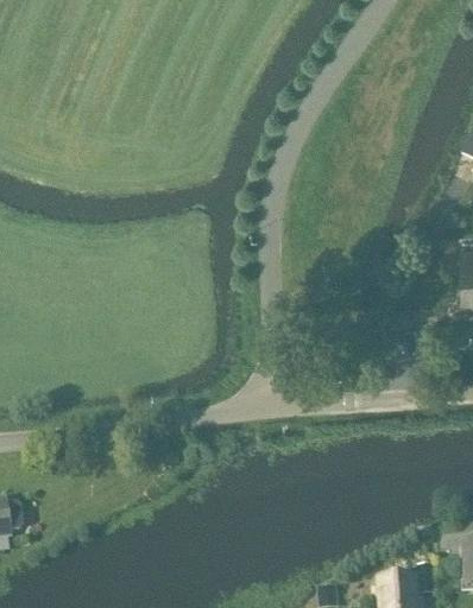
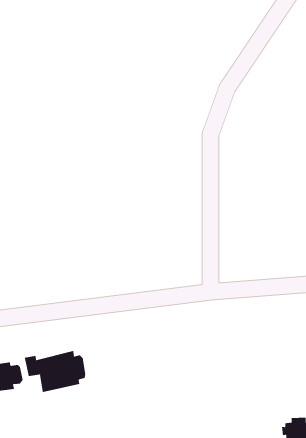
building: none -> [24,350,86,393]

